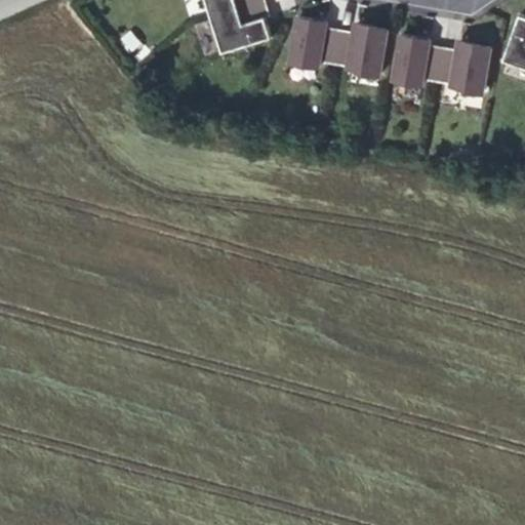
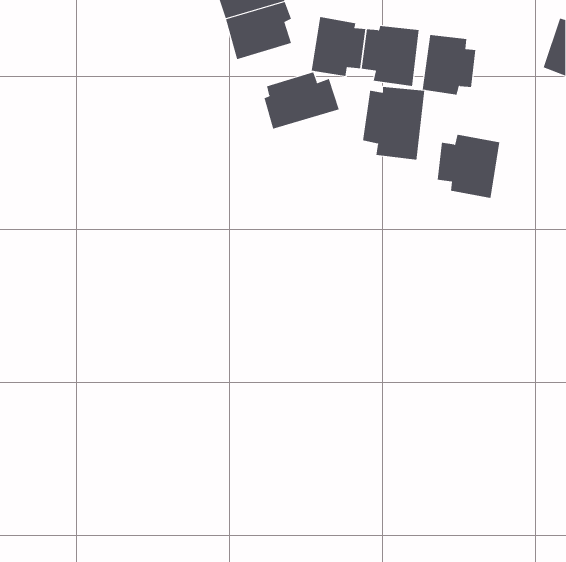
building: [436,39,494,98] -> [437,134,500,199]
building: none -> [264,71,340,129]
building: none -> [363,86,425,161]

